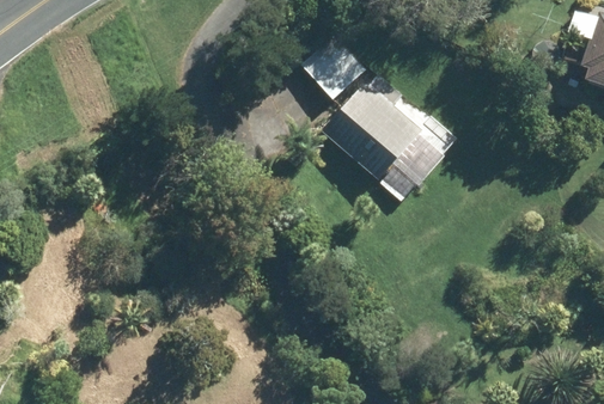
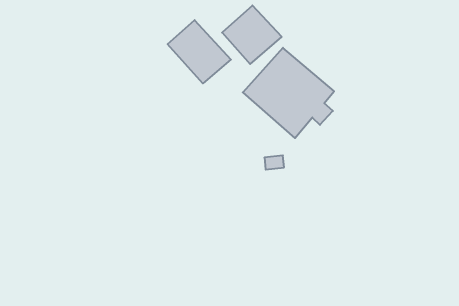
building: none -> [168,20,231,83]

